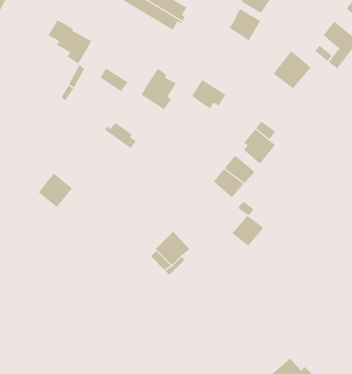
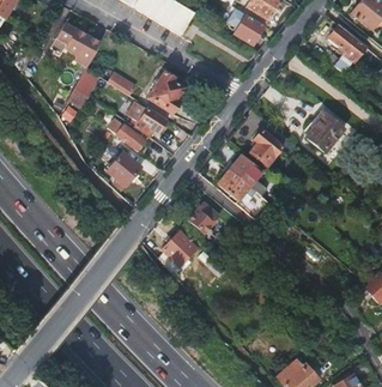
building: [273,51,311,89] -> [307,114,345,152]
building: [191,79,226,109] -> [129,105,164,135]
building: [38,173,73,208] -> [107,152,141,187]
building: [231,215,264,246] -> [188,204,220,235]

